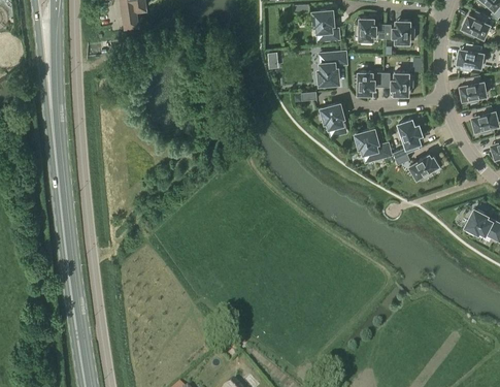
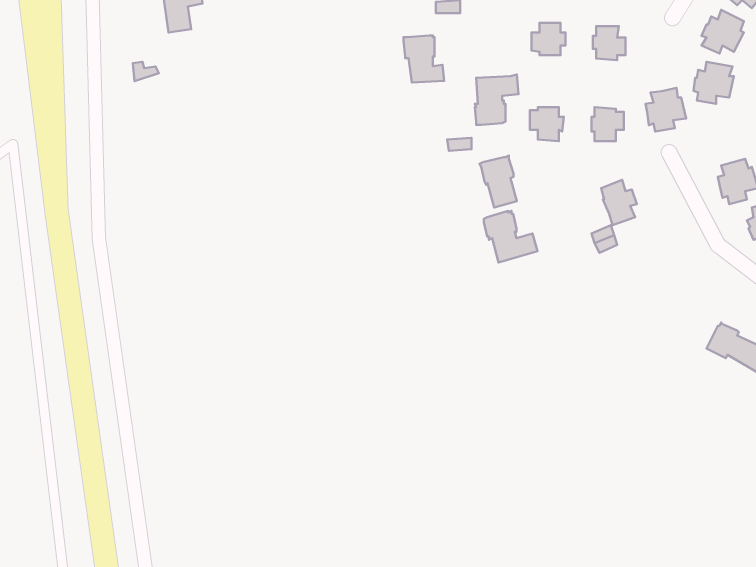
building: [313,10,339,40] -> [404,36,444,82]
building: [461,75,487,103] -> [646,88,686,132]
building: [357,129,391,162] -> [484,211,537,263]
building: [410,155,438,180] -> none

